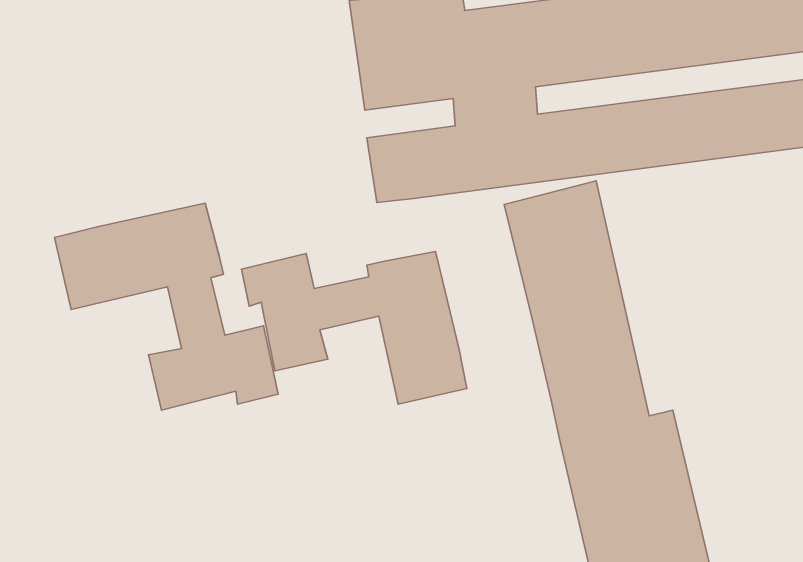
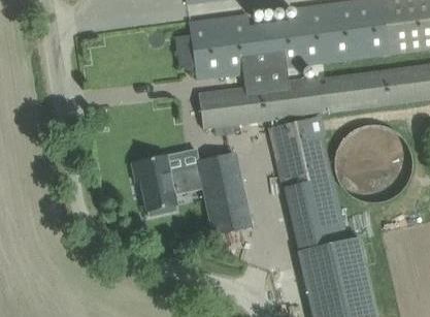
building: none -> [333,125,410,202]
building: [55,203,278,410] -> none

